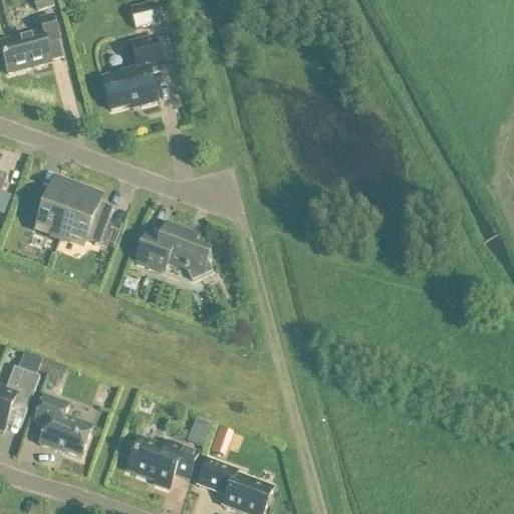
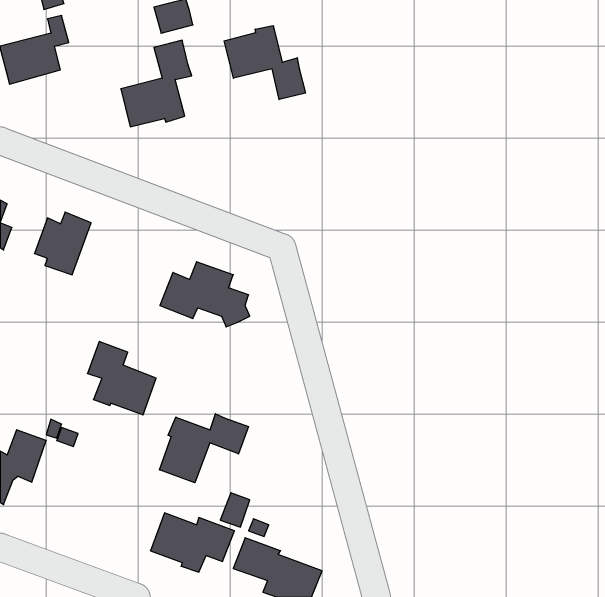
building: none -> [224,26,305,100]
building: [61,189,112,241] -> none
building: none -> [159,414,248,483]
building: [34,393,92,455] -> [87,341,156,415]

